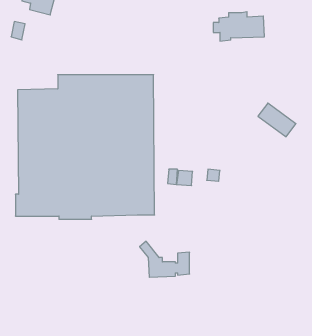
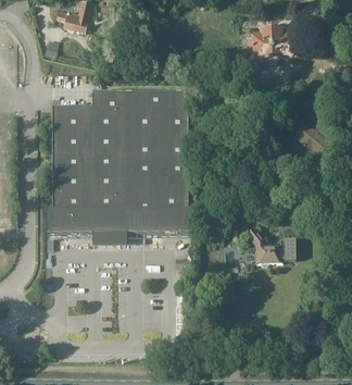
building: [140,241,190,277] -> [246,226,296,262]

